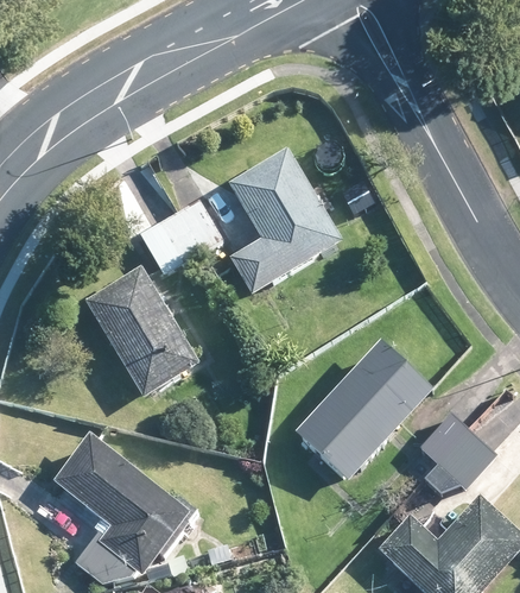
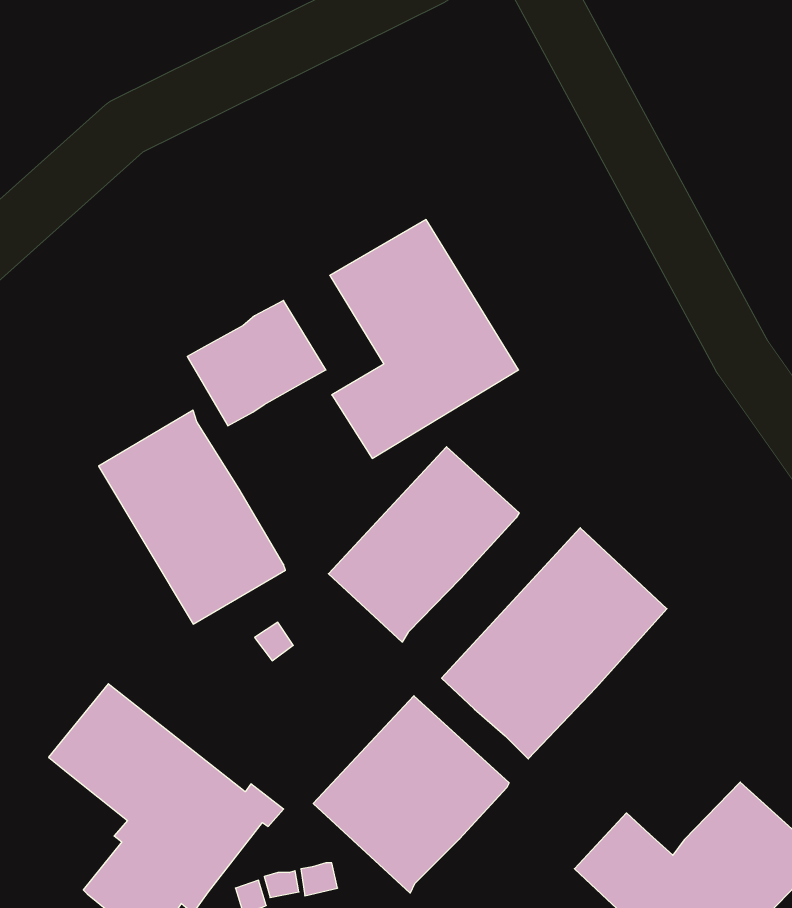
building: none -> [328,447,519,642]
building: [420,412,500,490] -> none
building: none -> [313,696,509,893]

